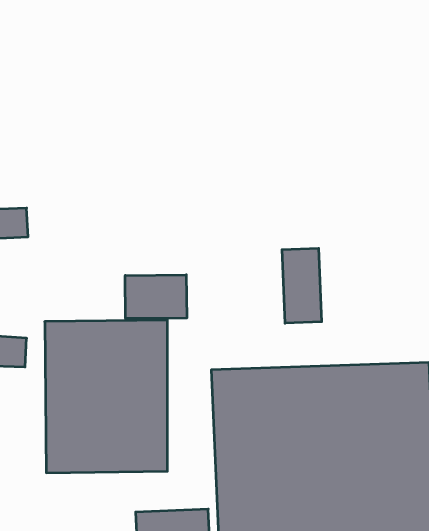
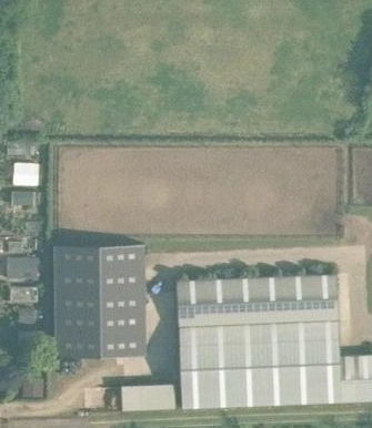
building: [282,248,322,323] -> none
building: [125,275,187,319] -> none

